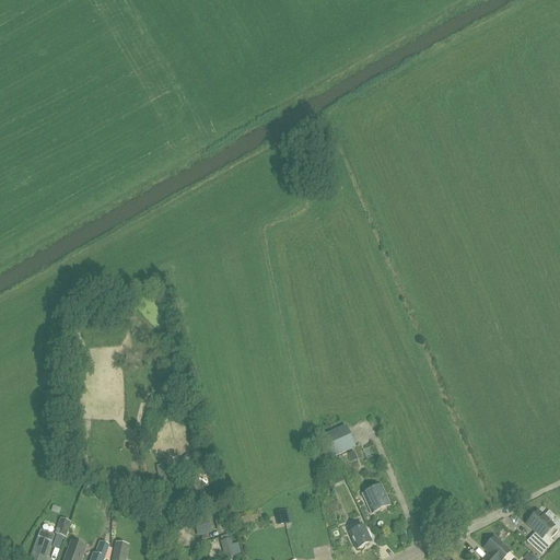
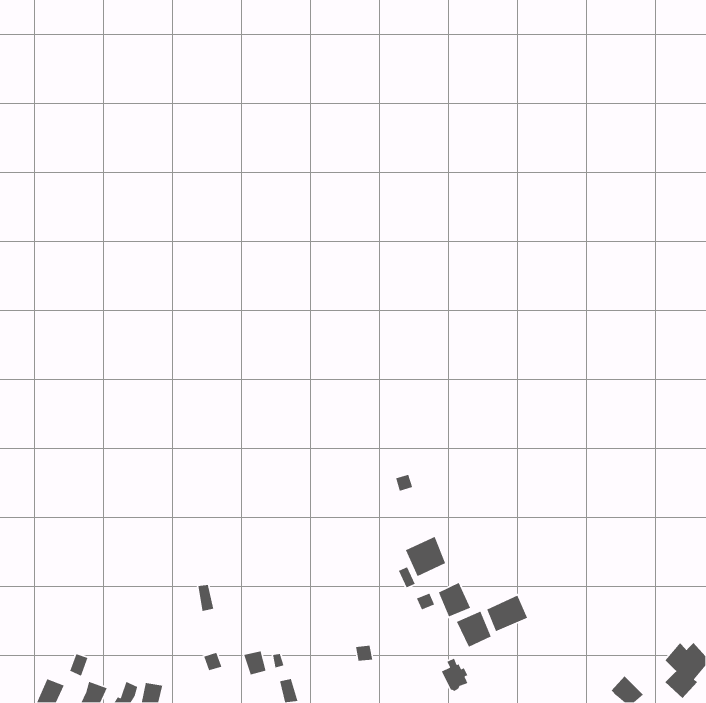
building: none -> [438,582,471,617]
building: none -> [486,594,528,632]

